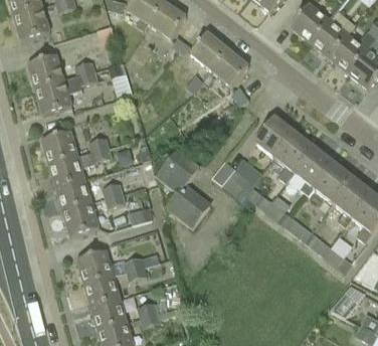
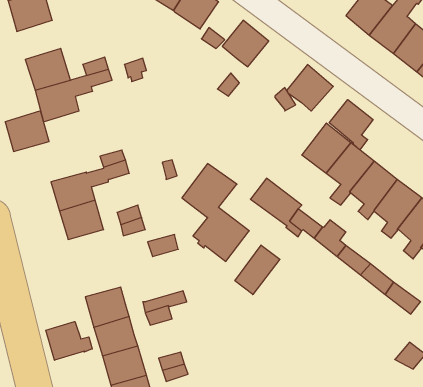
building: [210,47,248,85] -> [287,65,333,111]
building: none -> [329,100,373,150]
building: [41,130,77,163] -> [5,111,49,151]
building: [62,202,99,235] -> none
building: none -> [235,245,280,295]
building: none -> [46,322,92,360]

